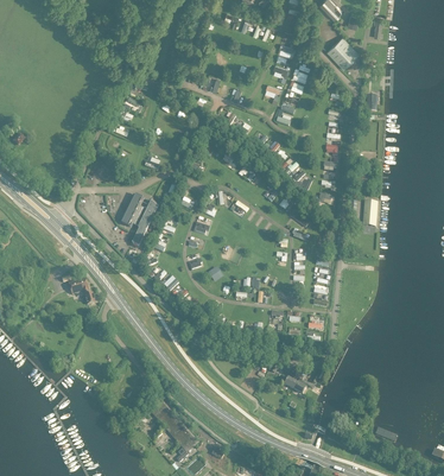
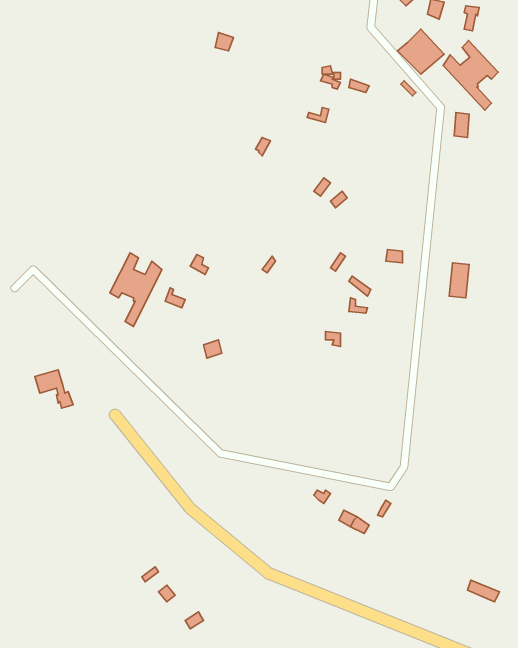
building: none -> [443,41,498,110]

